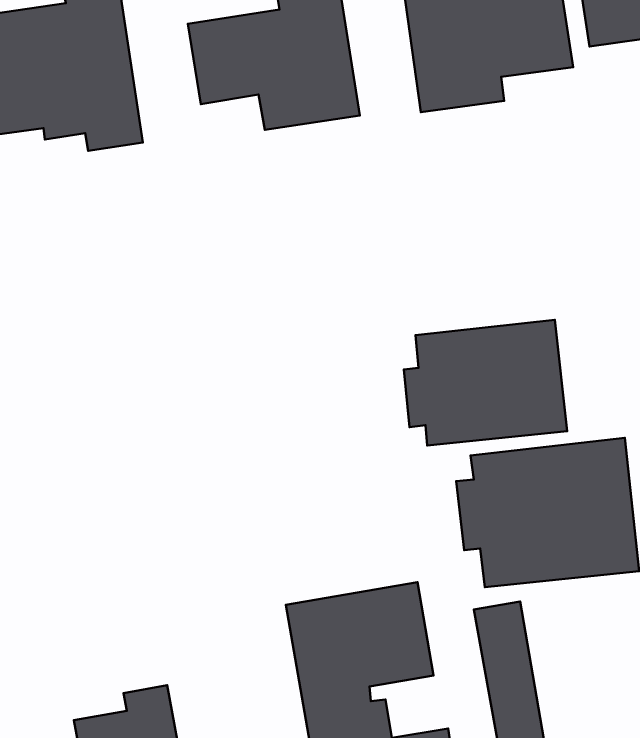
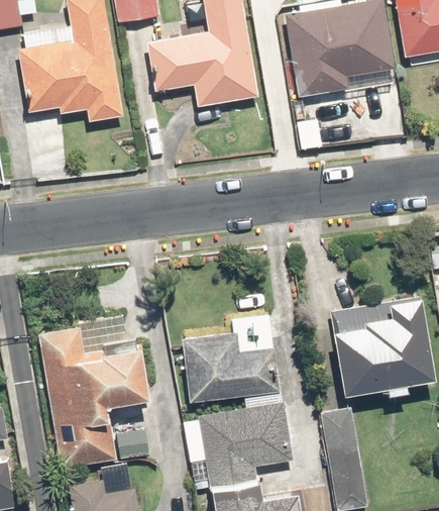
building: [404,320,567,445] -> none
building: none -> [43,309,156,464]
building: none -> [187,310,287,398]

